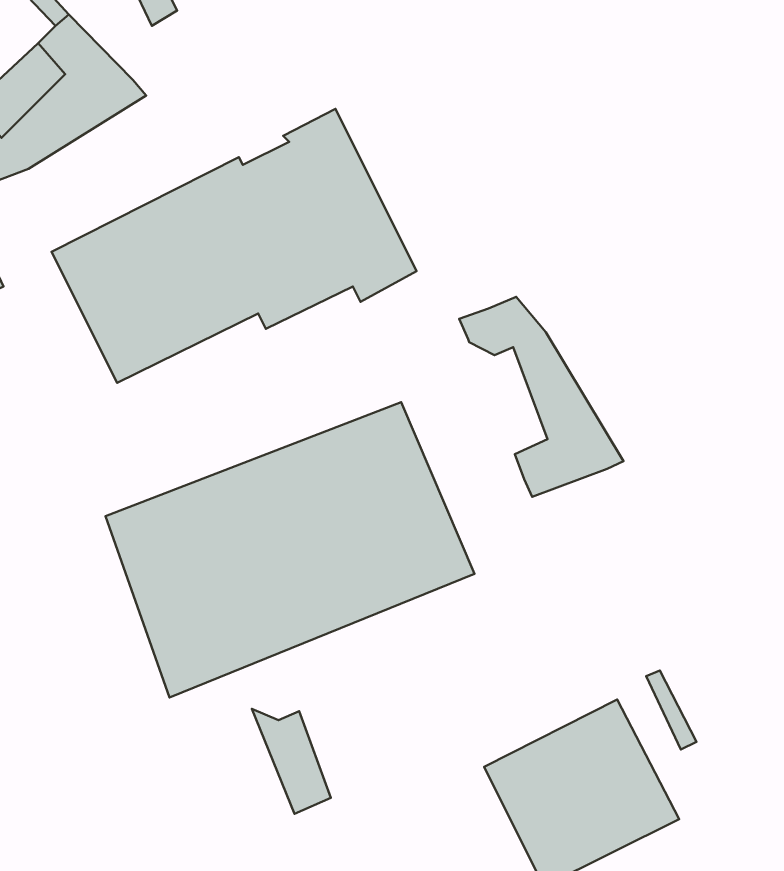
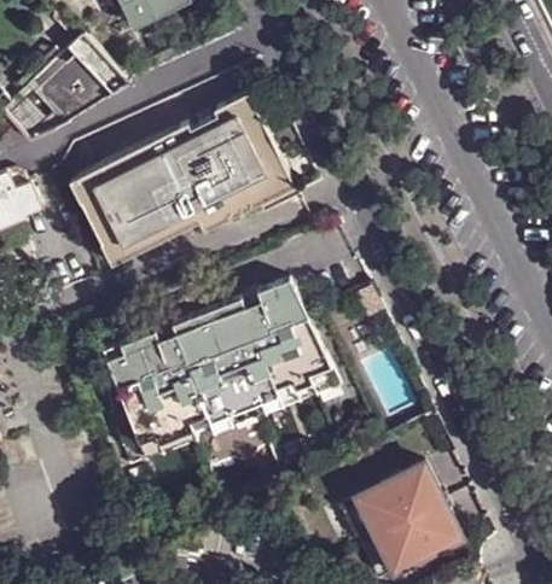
building: [459,297,623,497] -> none
building: [252,709,331,814] -> none

